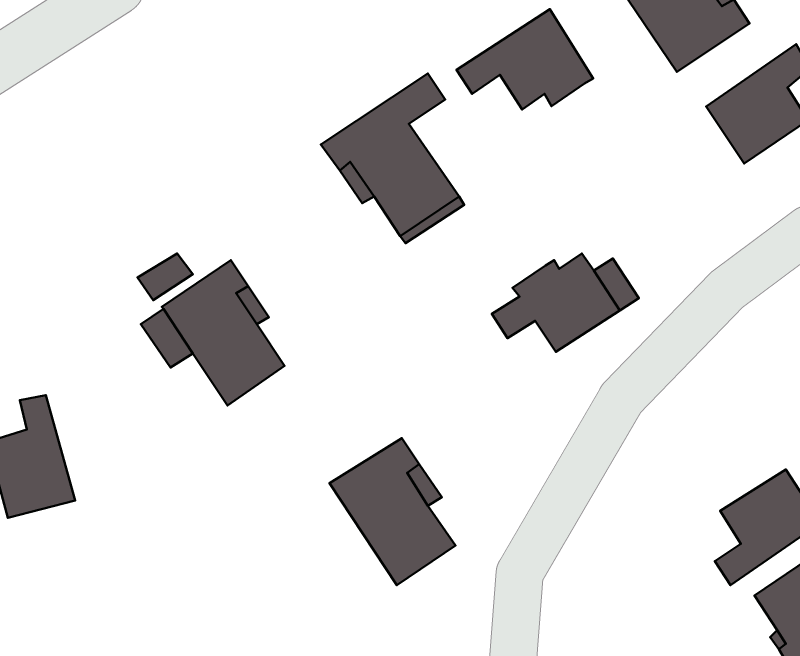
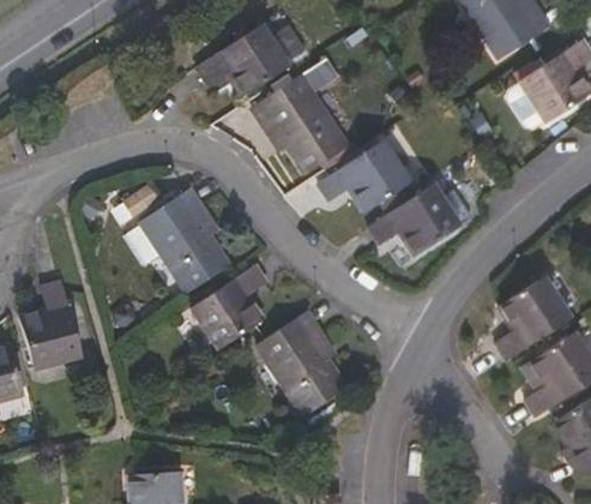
building: [457,9,593,110] -> [319,142,414,211]
building: none -> [199,25,288,94]
building: none -> [192,265,266,348]
building: none -> [497,277,571,359]

